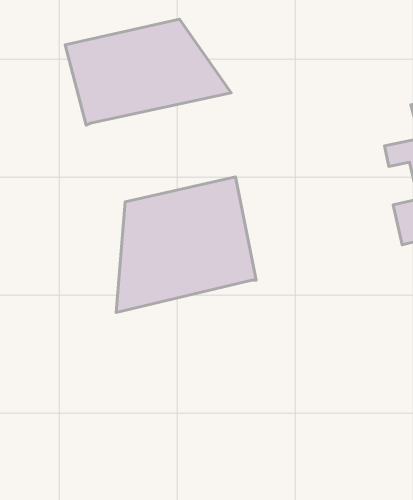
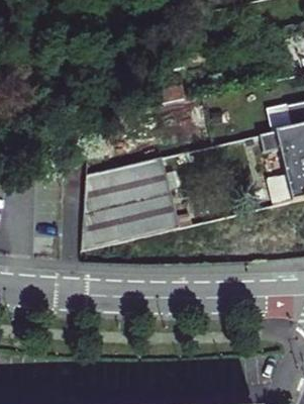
building: [65,19,231,125] -> none

